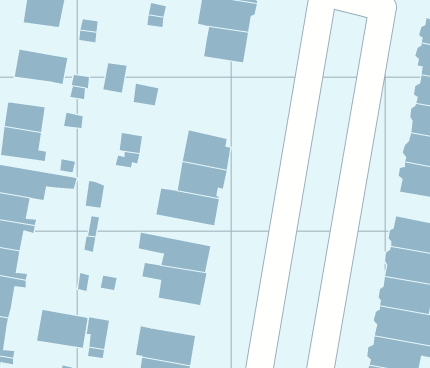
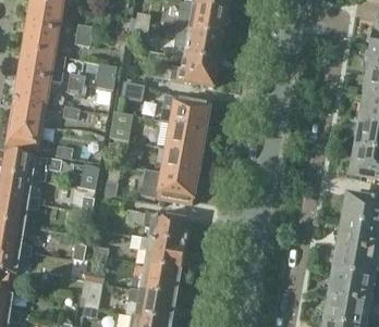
building: none -> [23,28,58,56]
building: none -> [151,58,217,86]
building: none -> [15,75,50,101]
building: none -> [159,95,209,128]
building: none -> [137,265,180,298]
building: [36,309,88,349] -> none

